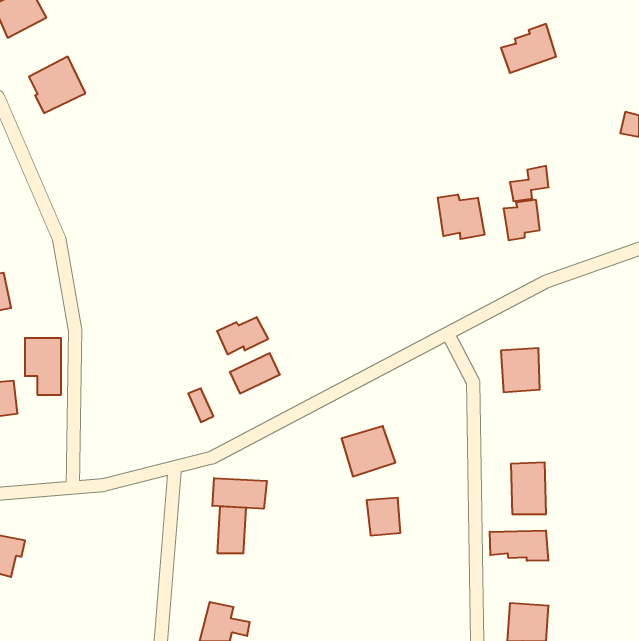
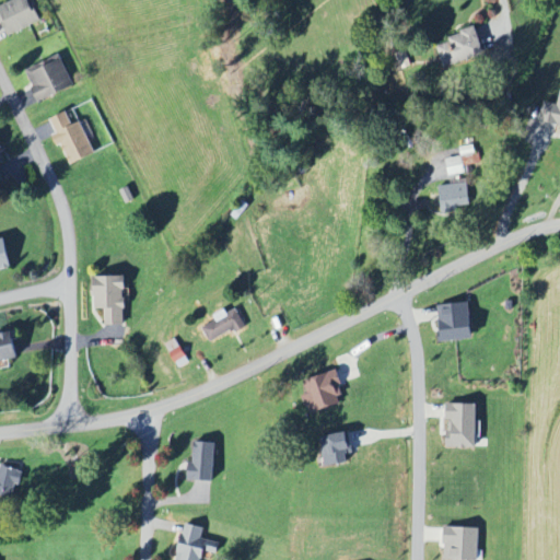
building: none -> [48,112,94,165]
building: [438,194,485,239] -> none
building: [217,317,268,355] -> none
building: [25,338,61,395] -> [92,276,124,325]
building: [212,478,267,509] -> none
building: [490,530,548,561] -> none

